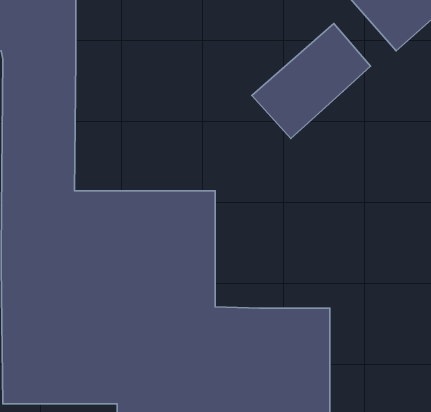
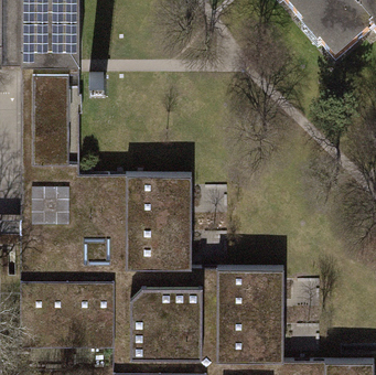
building: [252,23,371,138] -> none

